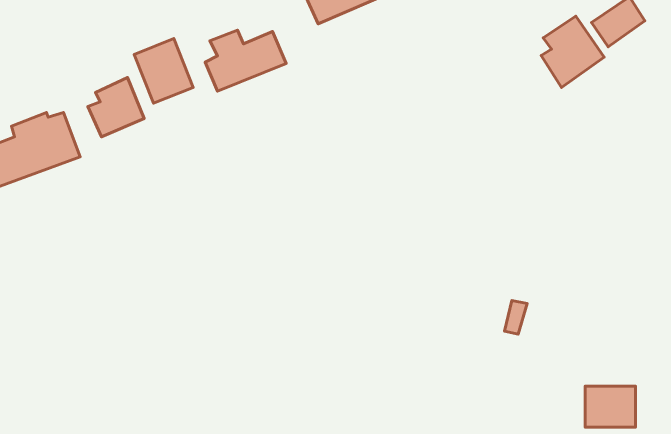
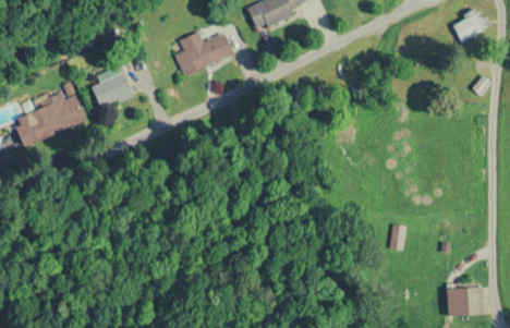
building: [541,16,604,88] -> none
building: [134,39,193,103] -> none

